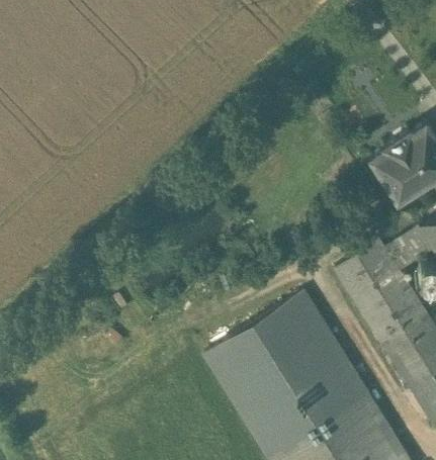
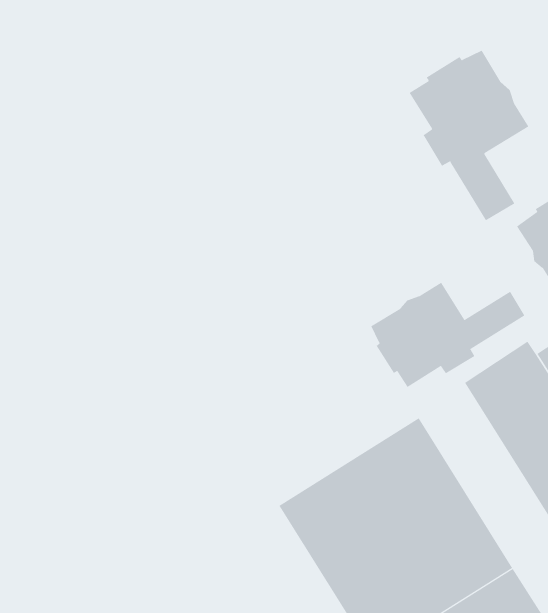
building: none -> [409,50,529,221]
building: none -> [371,282,525,388]

